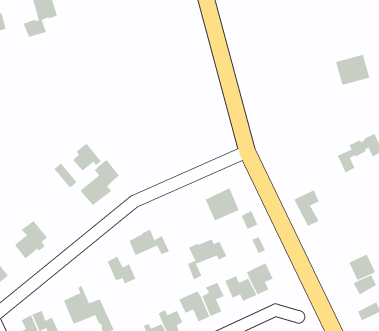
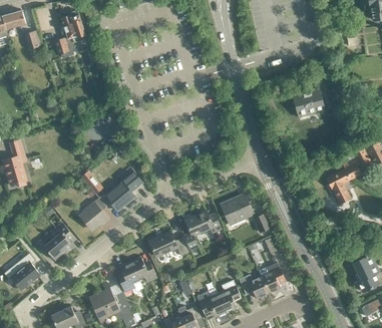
building: [335,54,370,86] -> [292,88,324,117]
building: [73,143,102,171] -> [81,203,108,229]
building: [293,190,320,227] -> [326,170,350,204]
building: [187,239,227,280] -> [183,213,221,251]
building: none -> [118,262,140,293]

